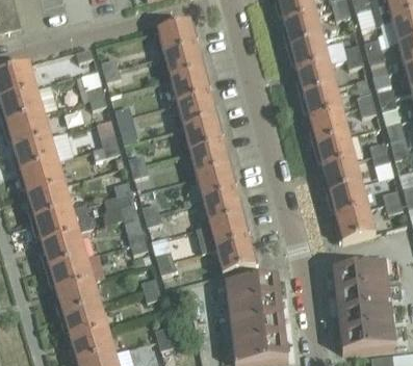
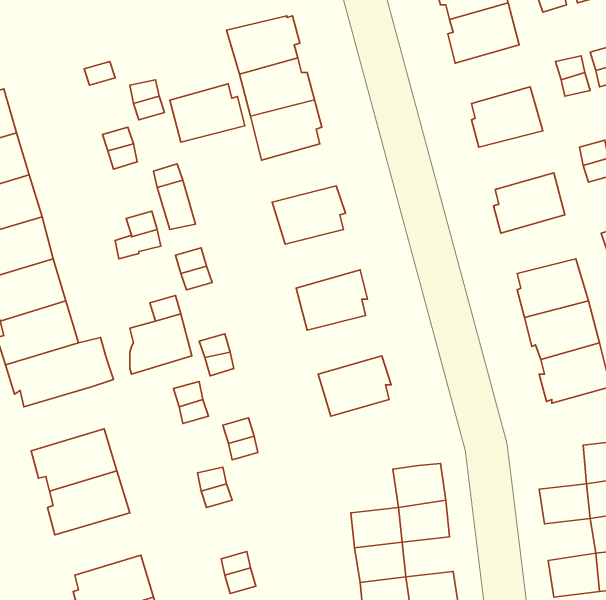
building: [286,35,329,69] -> none
building: [300,84,342,117] -> none
building: [176,91,218,125] -> [170,84,245,142]
building: [312,132,355,165] -> none
building: [189,140,232,174] -> none
building: [202,189,244,223] -> none
building: [40,230,86,266] -> none
building: [215,237,258,270] -> none
building: [332,263,361,288] -> none
building: [224,277,254,302] -> none
building: [58,302,107,337] -> none
building: [337,305,366,329] -> none
building: [256,315,285,338] -> none

